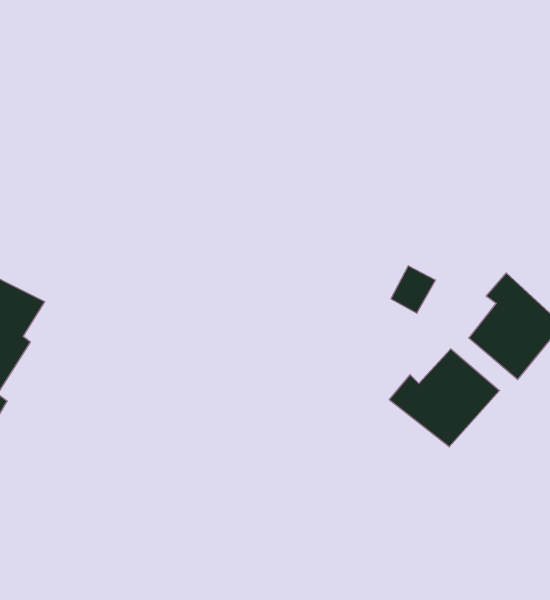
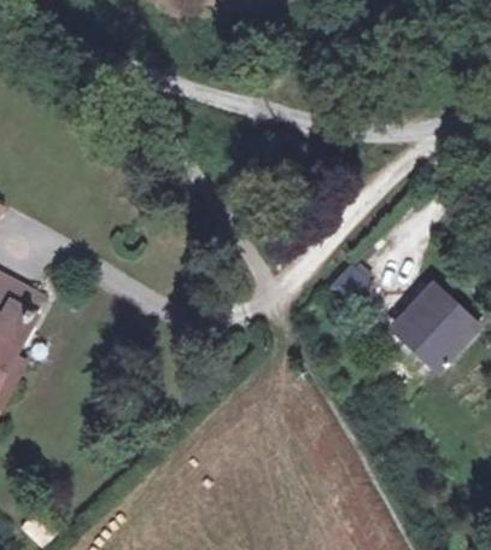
building: [389,349,500,447] -> none

